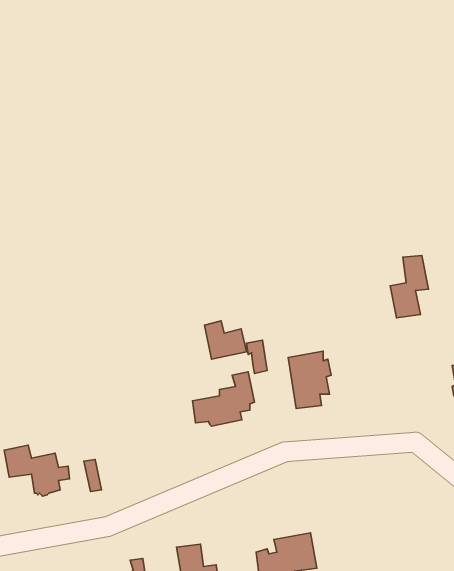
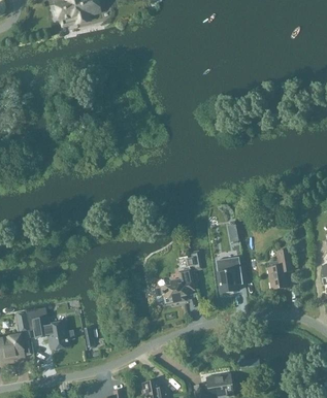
building: [390,256,428,318] -> [268,247,293,288]
building: [205,321,247,359] -> none

